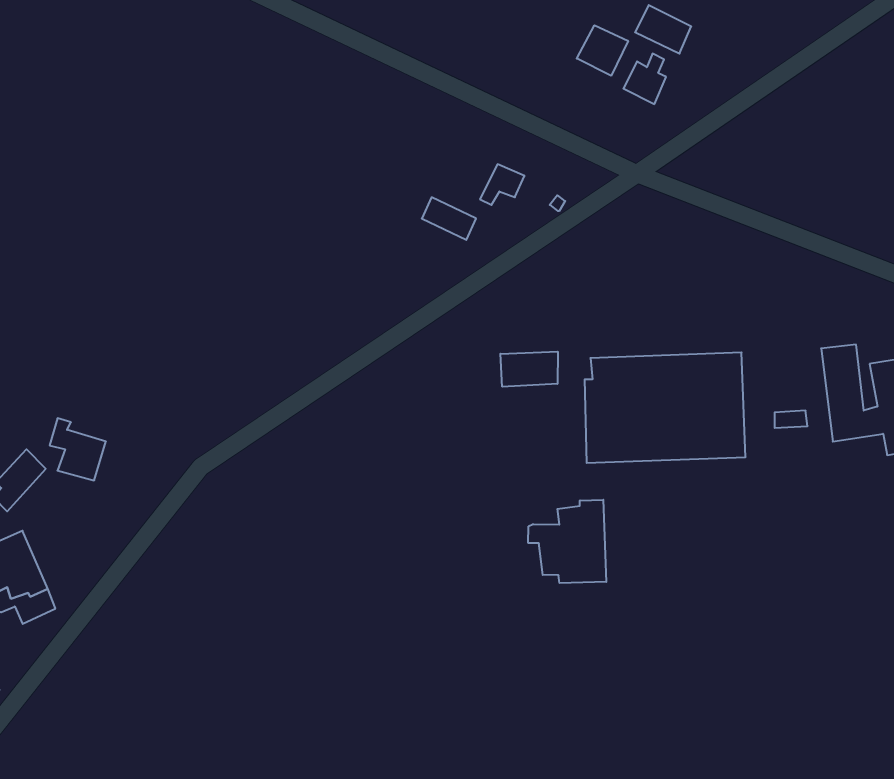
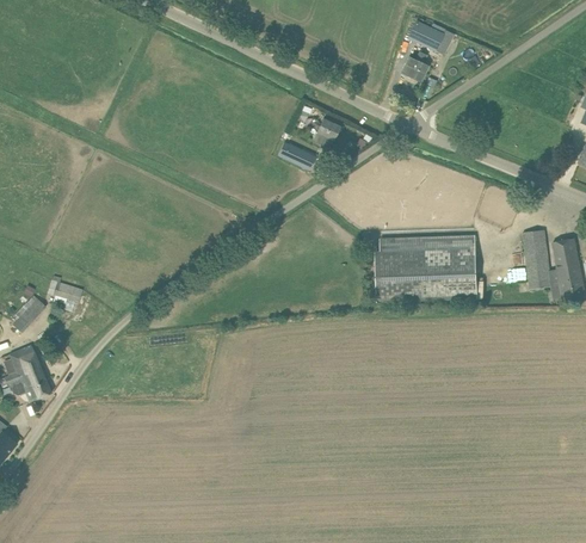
building: [577,25,628,76] -> none
building: [500,352,558,387] -> none
building: [528,500,606,583] -> none

